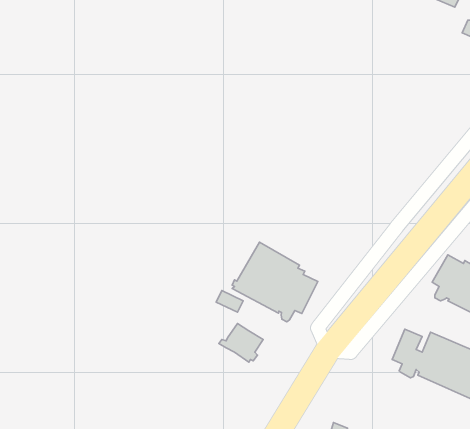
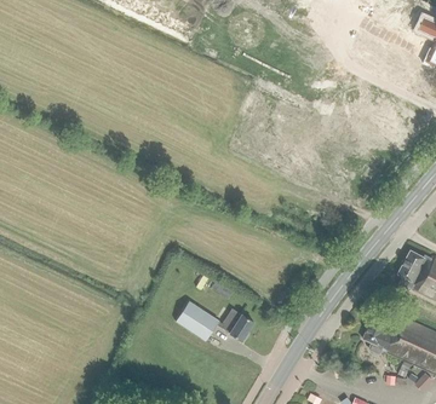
building: [232,242,318,322] -> none
building: none -> [174,301,218,341]

